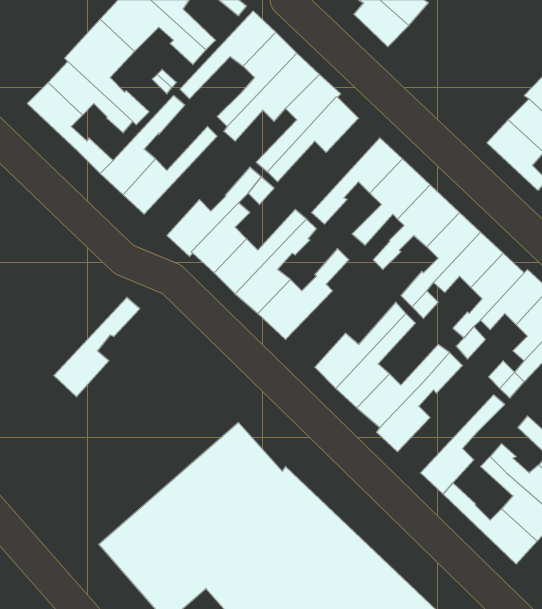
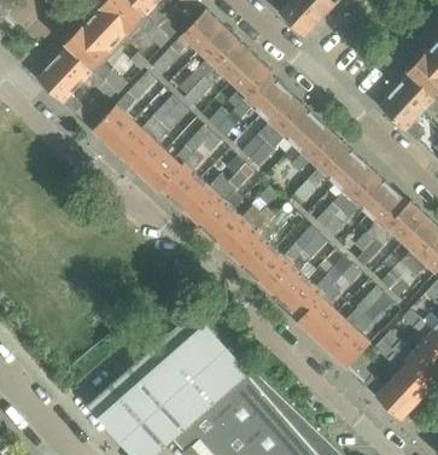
building: none -> [240,89,299,159]
building: none -> [229,210,288,274]
building: [54,297,140,397] -> [124,103,188,176]
building: none -> [313,286,384,352]

